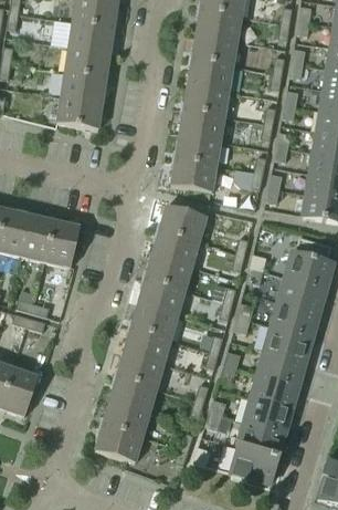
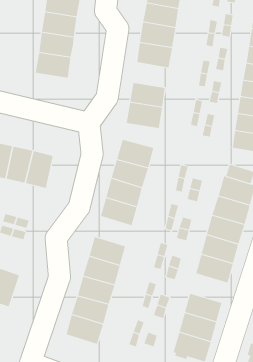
building: [179,108,224,140] -> none
building: [130,301,178,339] -> none
building: [250,373,298,409] -> none

